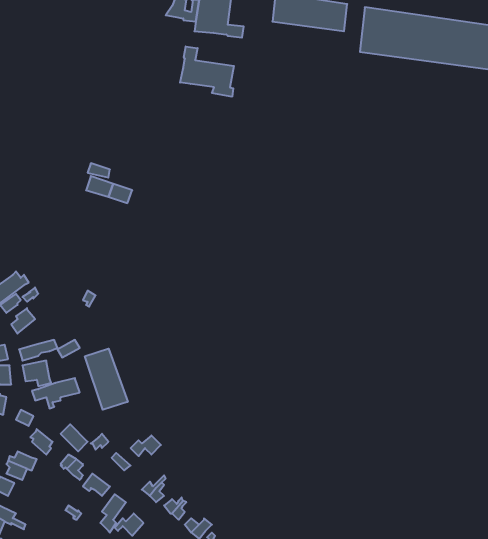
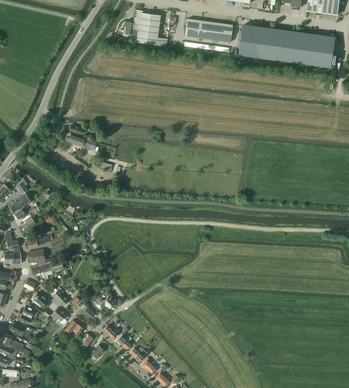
building: [180,46,234,97] -> none
building: [85,349,128,410] -> none

